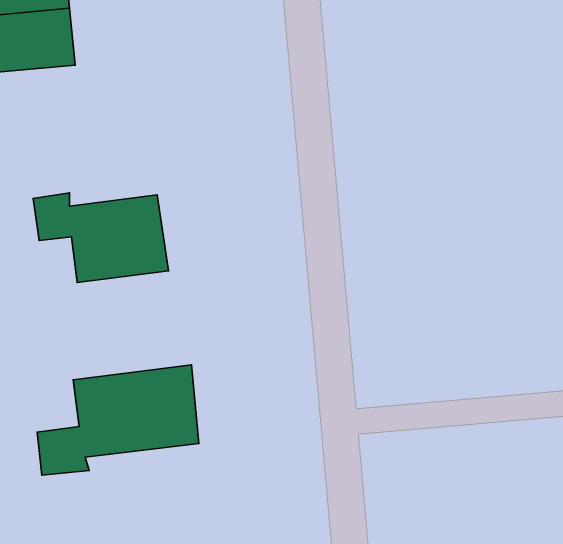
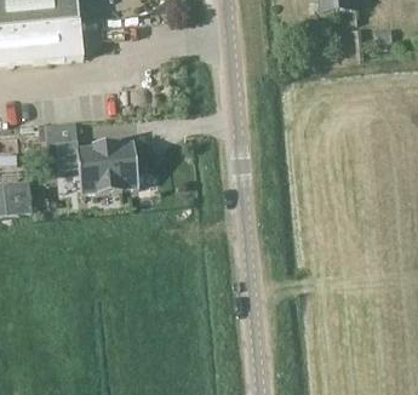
building: [37,365,199,475] -> none

